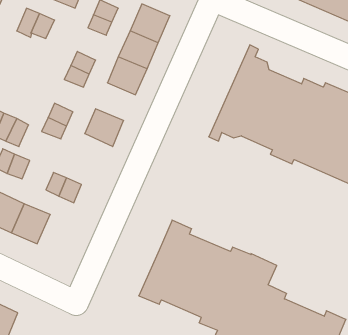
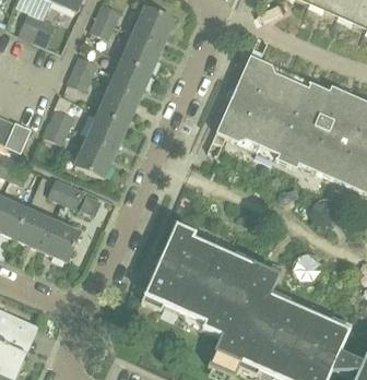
building: none -> [98,86,139,124]
building: none -> [75,138,116,178]
building: none -> [39,219,80,261]

